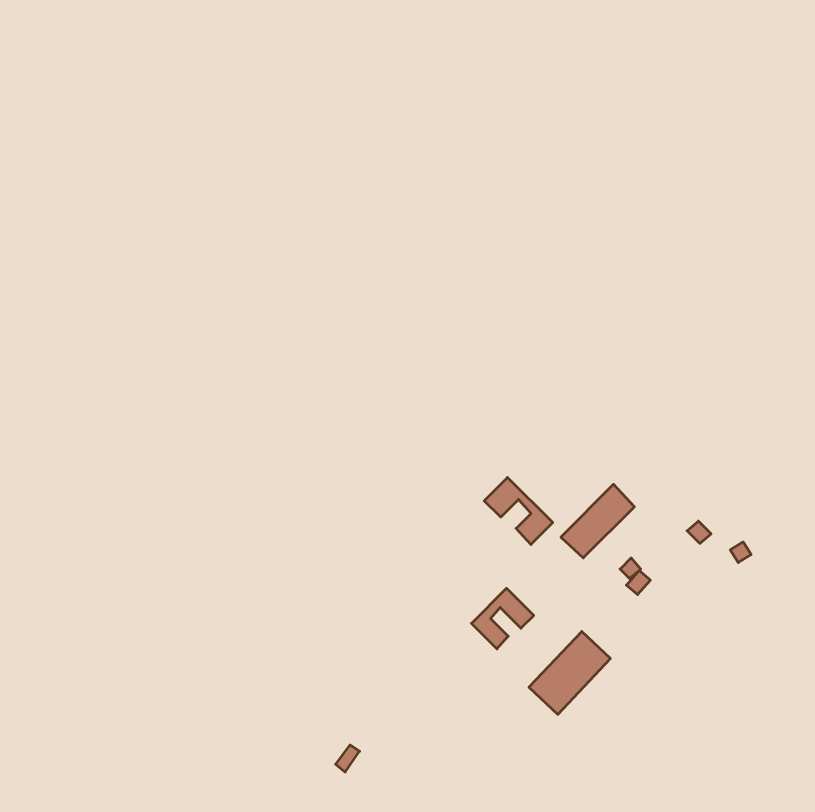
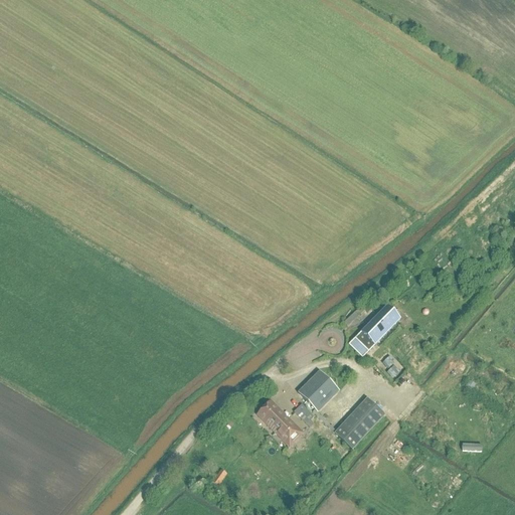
building: [484,477,553,545] -> none
building: none -> [256,400,302,445]

